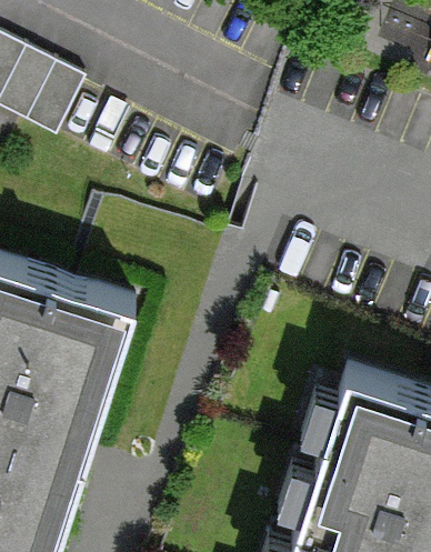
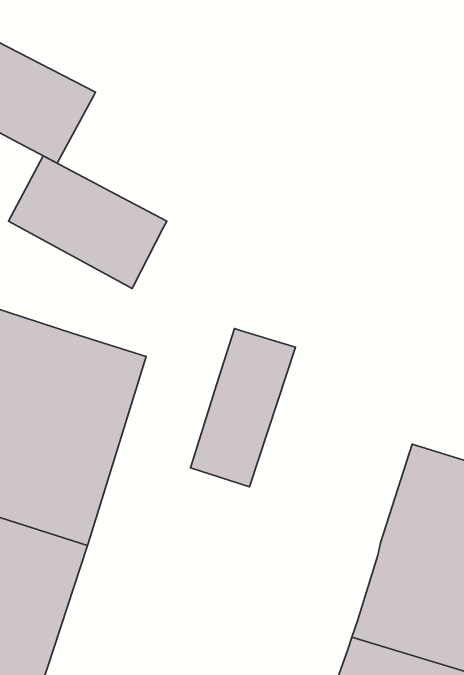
building: none -> [9,156,167,288]
building: none -> [190,329,295,487]

